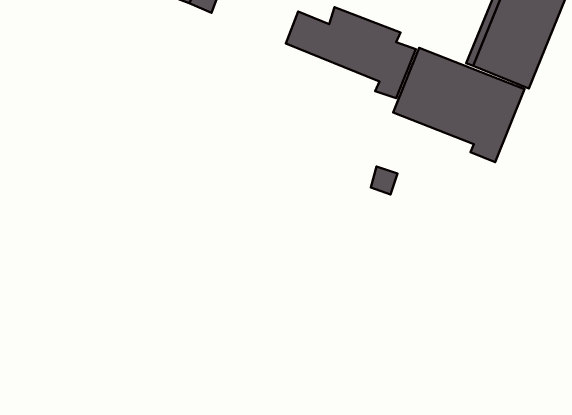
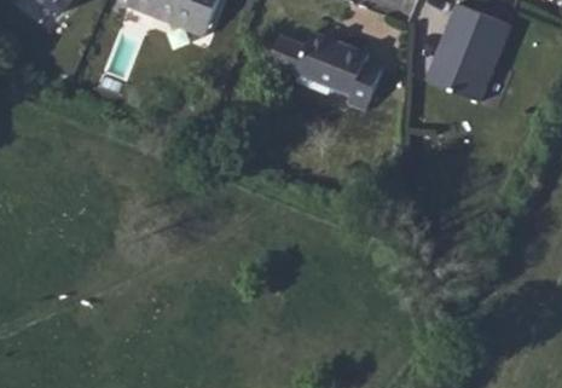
building: [393,48,524,162] -> none

